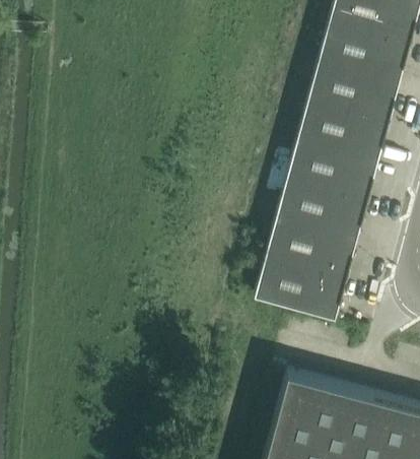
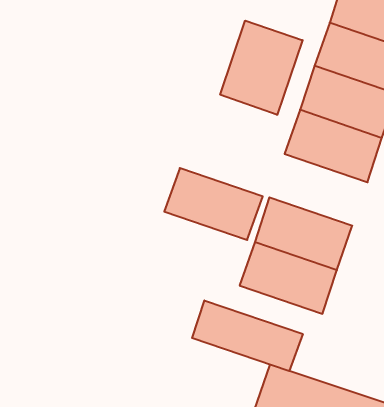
building: none -> [220,21,303,115]
building: [278,162,371,227] -> [164,168,263,240]
building: none -> [192,300,303,371]

